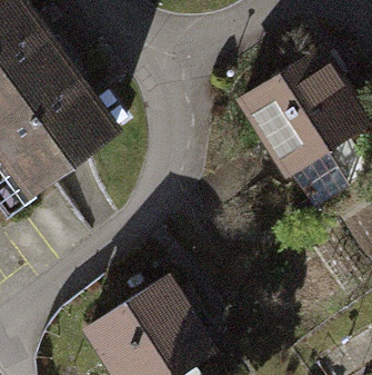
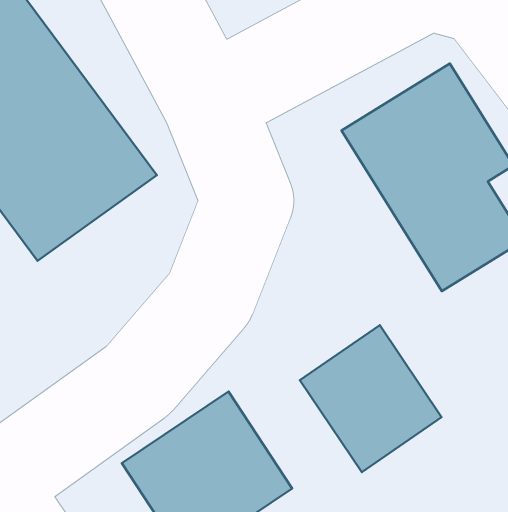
building: none -> [300,325,441,472]

